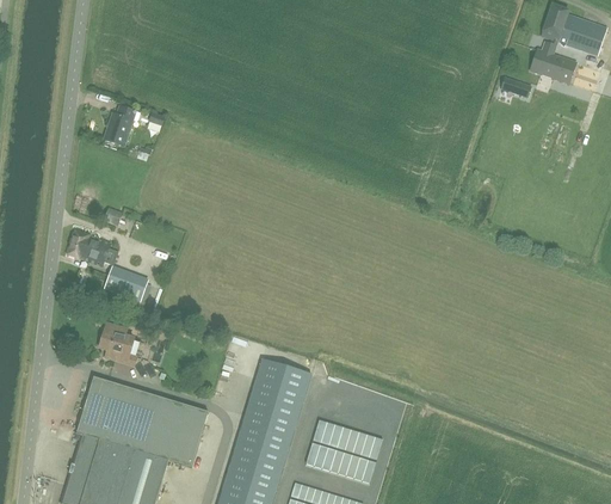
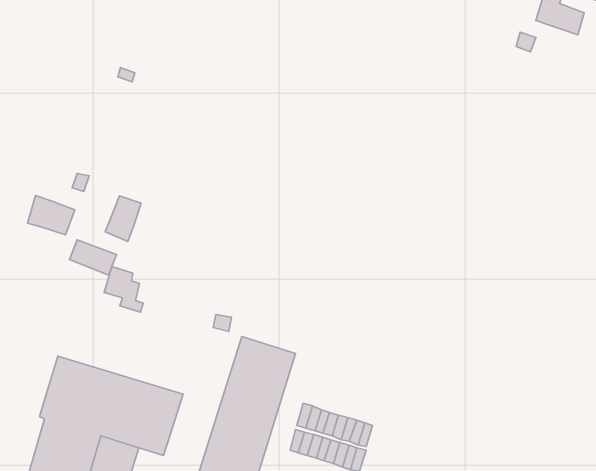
building: [103,105,135,146] -> none
building: none -> [105,196,141,241]
building: [99,322,135,364] -> [104,267,143,312]

